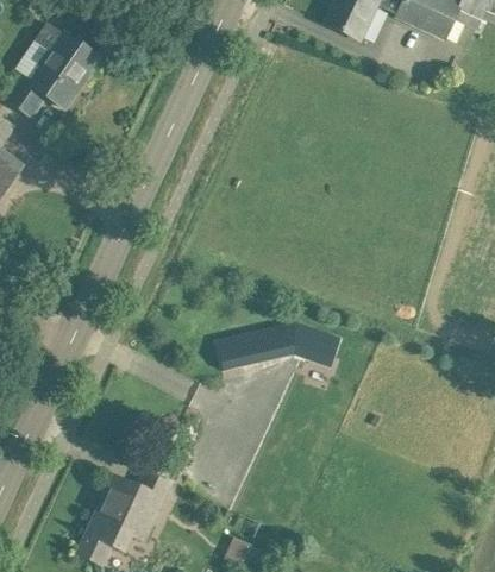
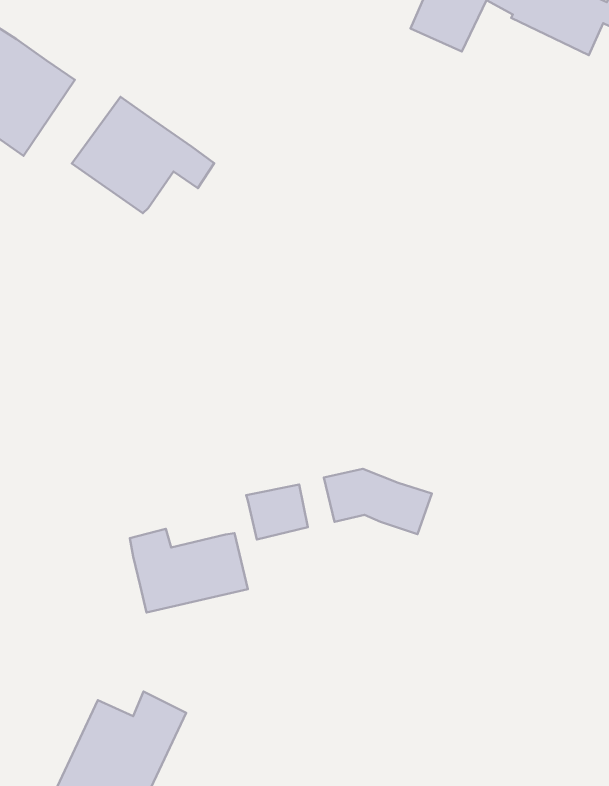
building: none -> [72,97,214,213]
building: none -> [130,529,248,612]

